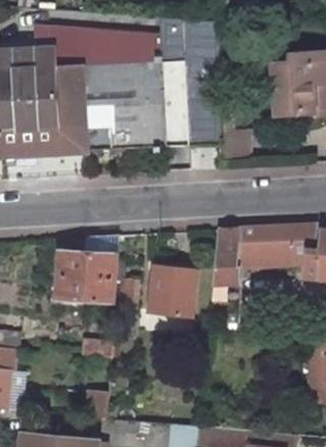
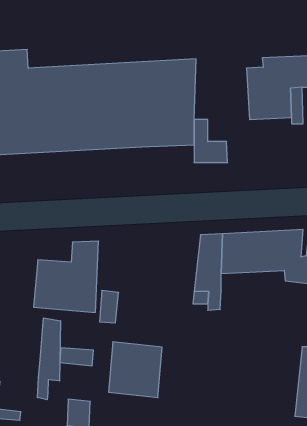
building: [49,20,215,68] -> none
building: [146,261,198,315] -> [109,342,162,398]
building: none -> [37,318,61,400]

